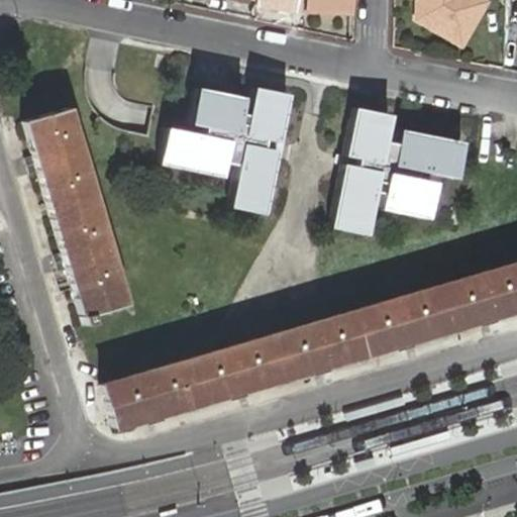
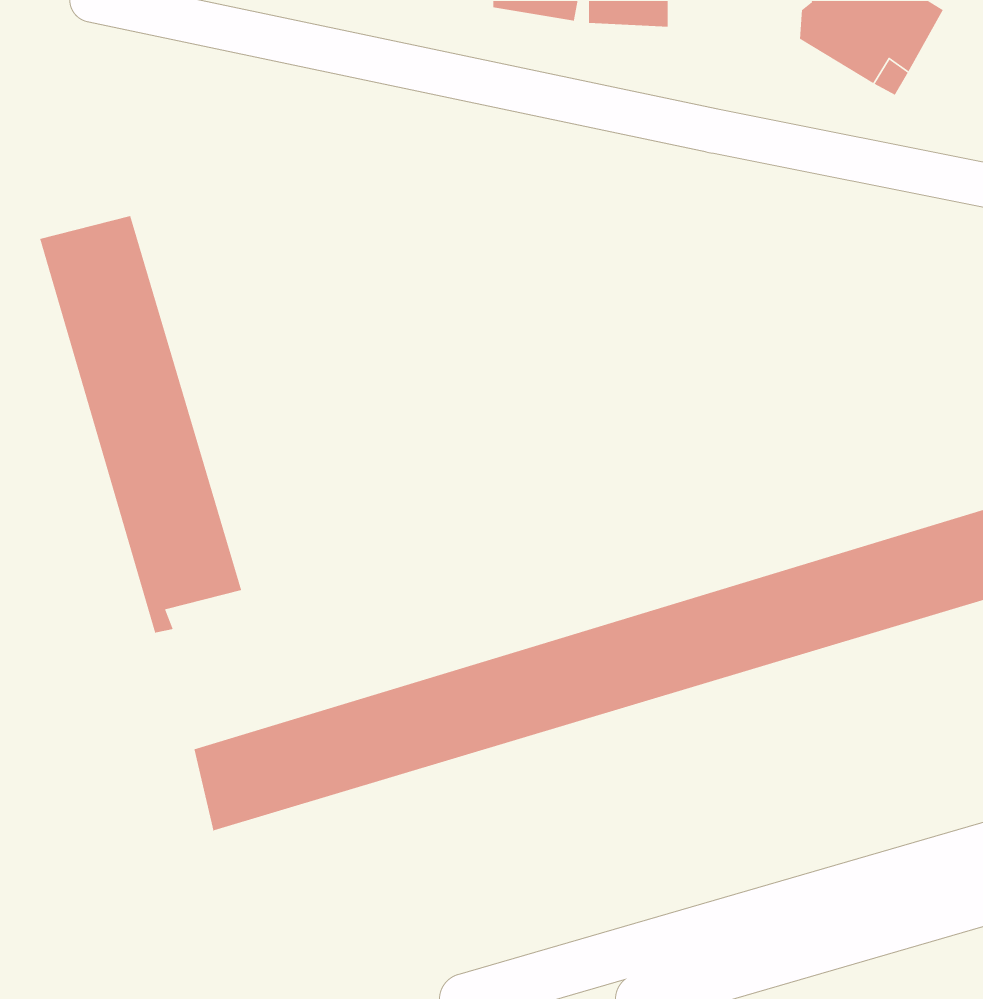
building: [162,89,292,216] -> none
building: [336,107,468,231] -> none

